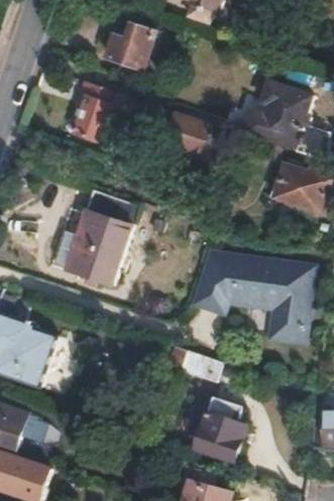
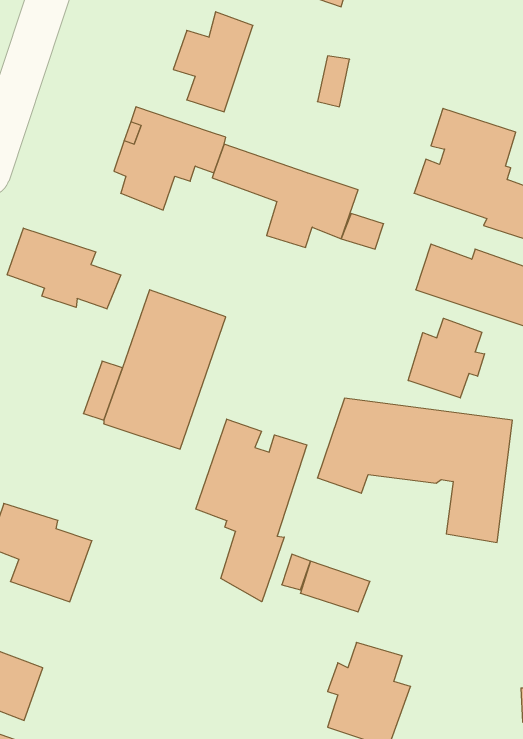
building: none -> [7,228,121,309]
building: none -> [408,318,485,398]
building: none -> [196,419,307,602]

